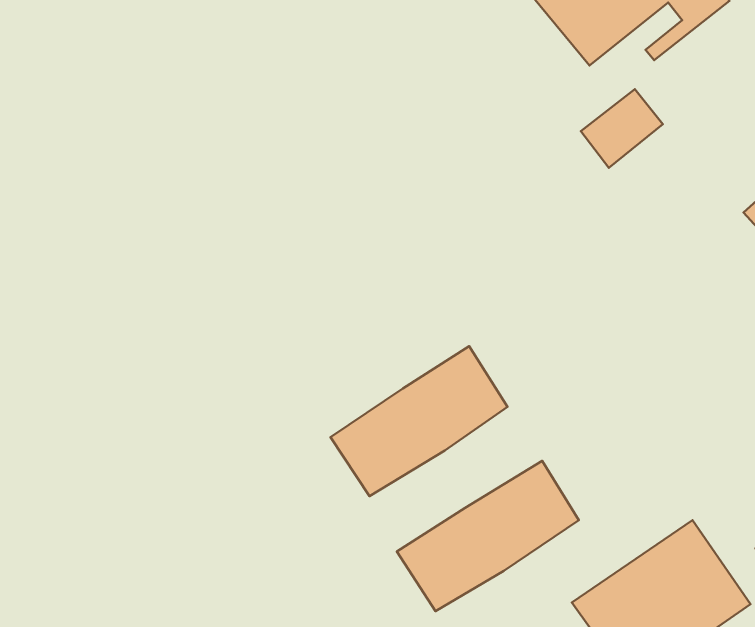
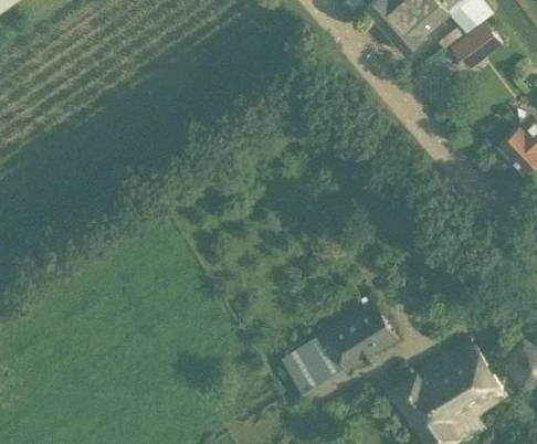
building: [581,89,663,168] -> [450,23,502,73]
building: [330,346,508,496] -> none

